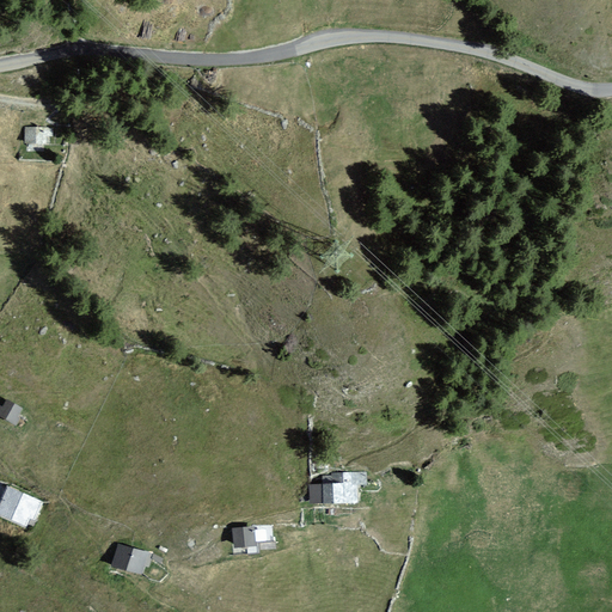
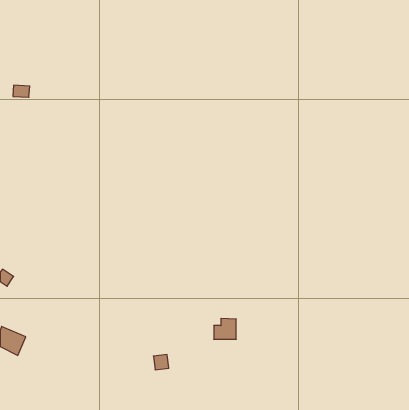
building: [111,543,148,575] -> none

